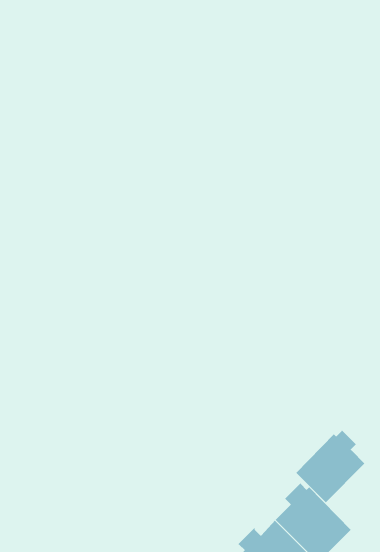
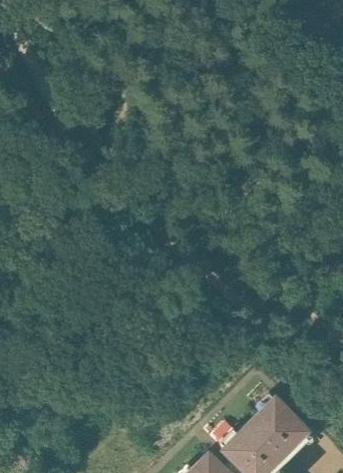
building: [296,430,365,503] -> none

